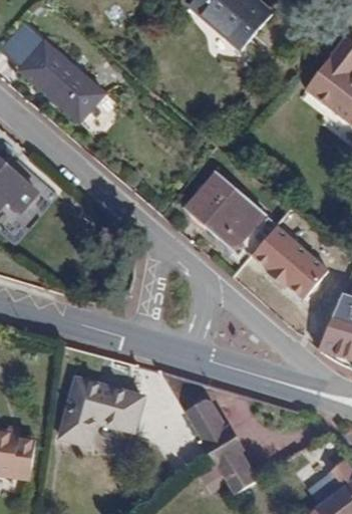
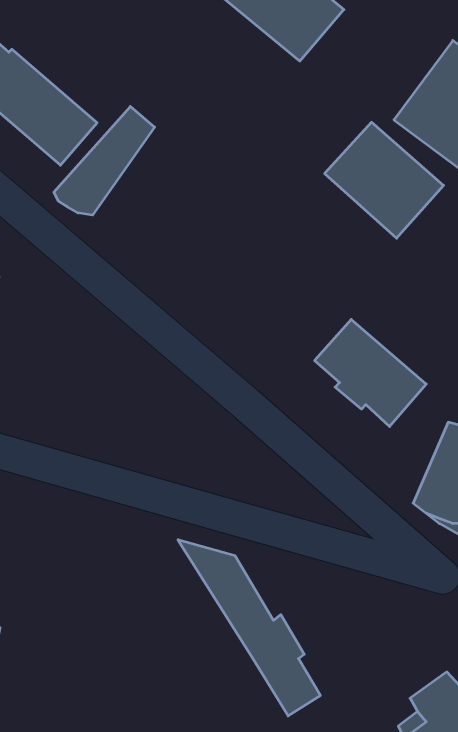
building: none -> [54,106,155,215]
building: [185,170,266,249] -> [325,122,444,238]
building: [59,379,143,448] -> none

